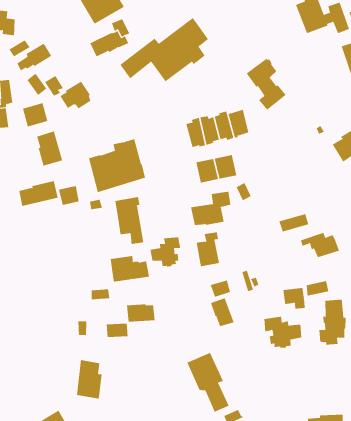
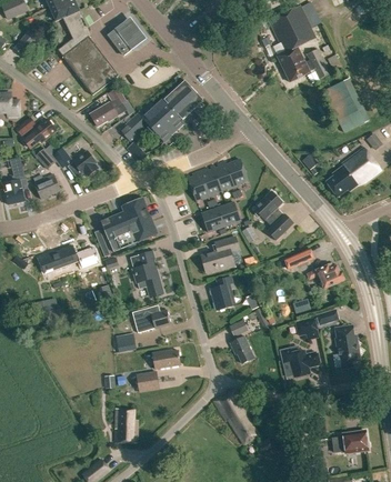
building: [246,58,286,111] -> [253,191,293,240]
building: [37,131,63,166] -> none
building: [150,236,181,267] -> none

